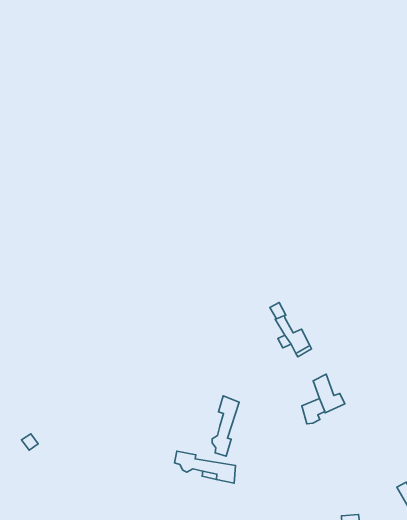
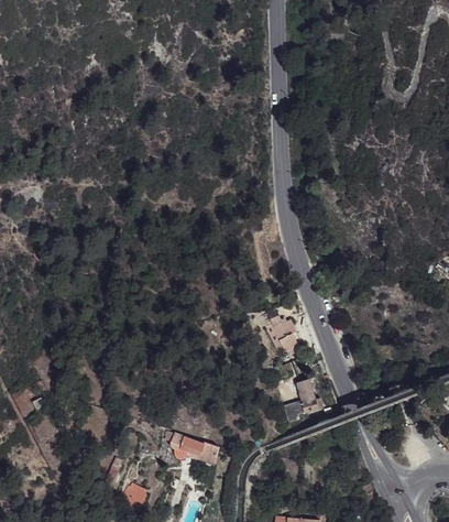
building: [212,396,239,456] -> none

